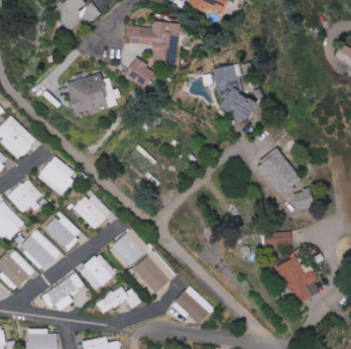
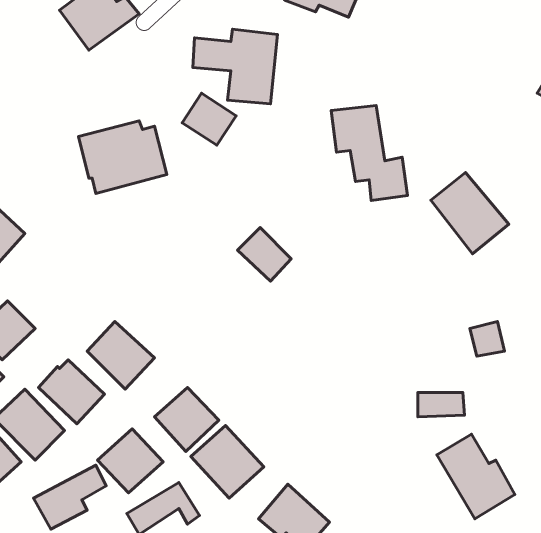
building: [125,144,156,176] -> [238,228,291,281]
building: [259,150,305,198] -> [431,172,509,254]
building: [37,155,77,195] -> none

